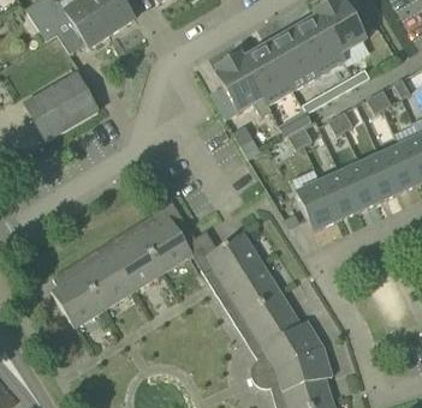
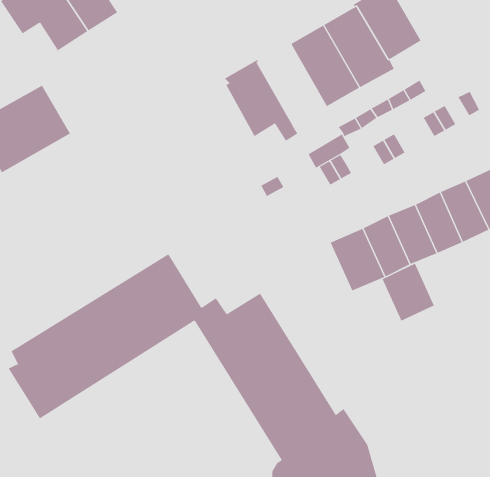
building: [239,42,292,104] -> none
building: none -> [382,263,435,321]

